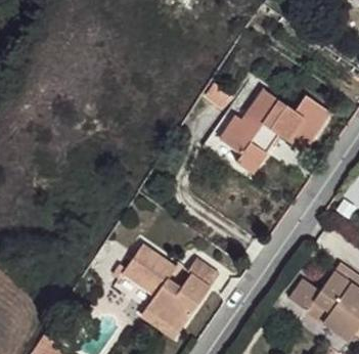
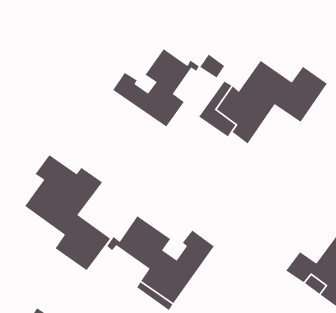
building: none -> [112,48,200,128]
building: none -> [24,154,111,271]

